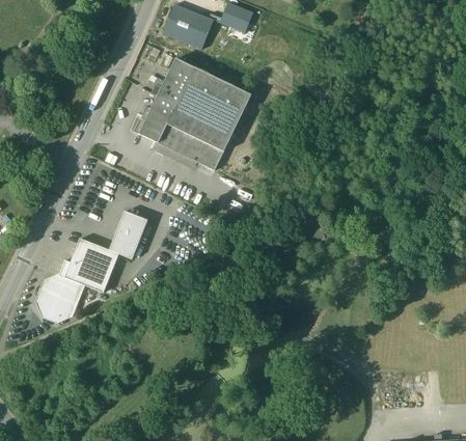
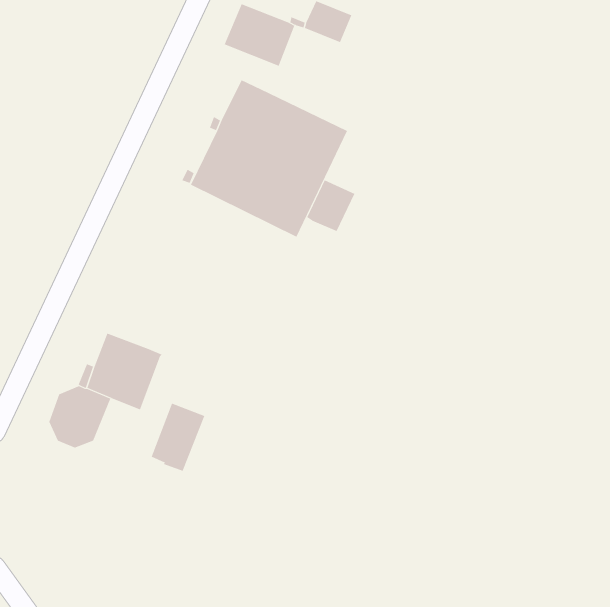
building: none -> [306,179,355,232]
building: [109,212,147,260] -> [151,403,205,472]

